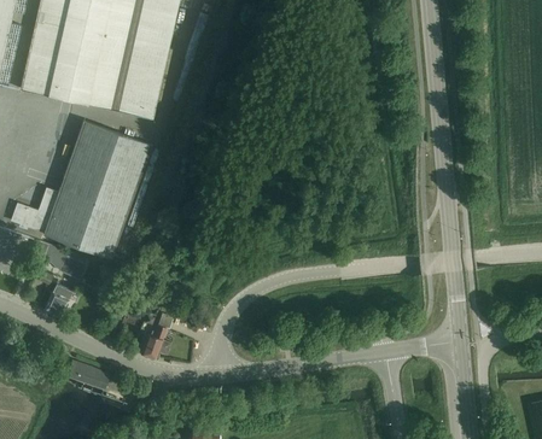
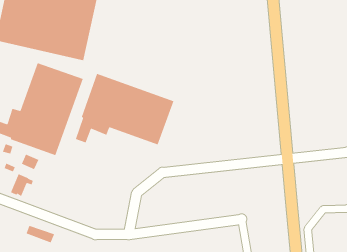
building: none -> [75,73,175,145]
building: [140,315,173,359] -> none

